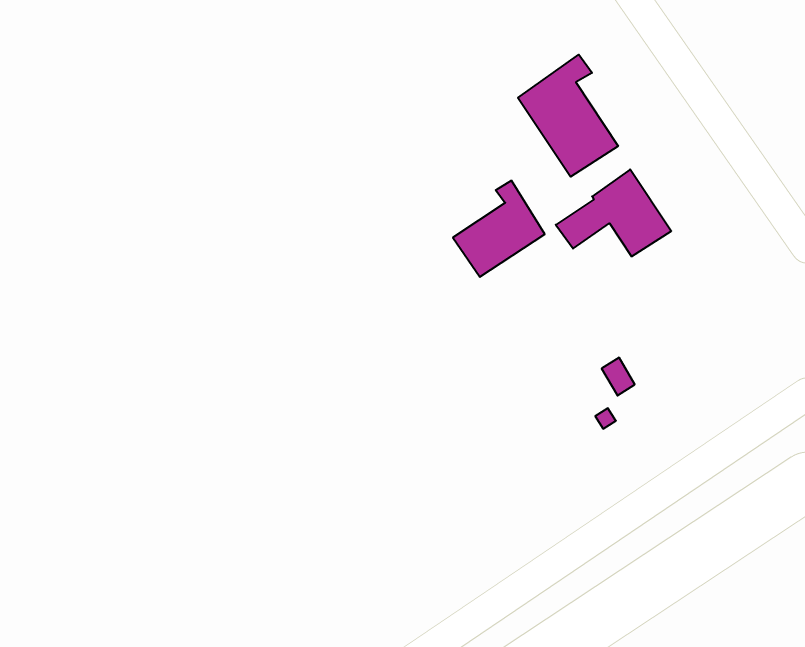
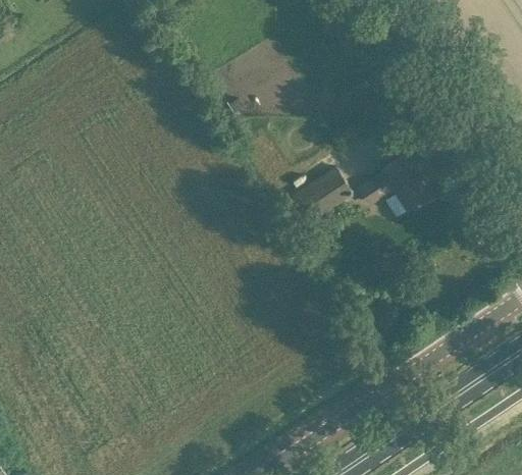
building: [518,55,618,177] -> none

